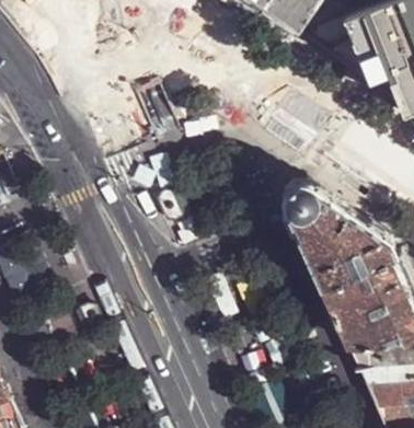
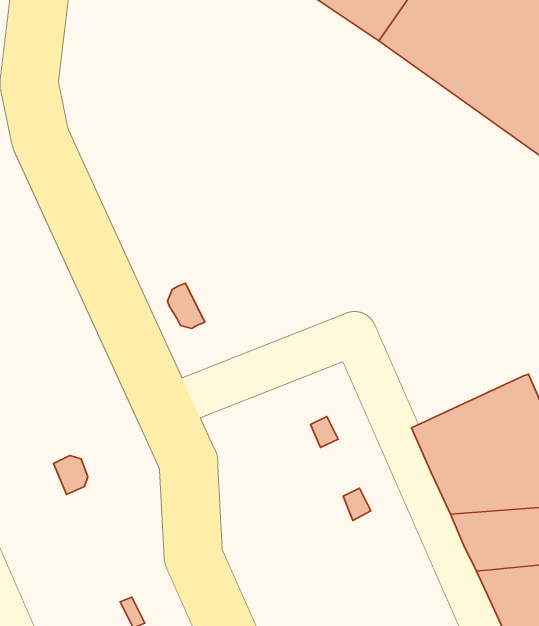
building: [283,184,395,291] -> none

